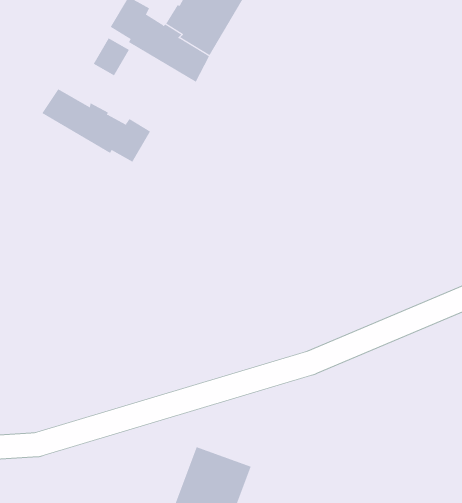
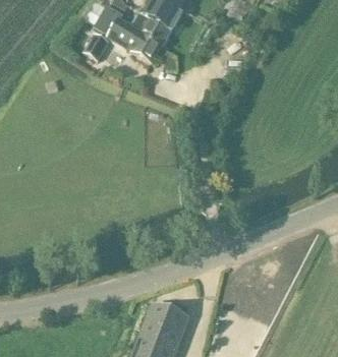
building: [42,88,151,163] -> none

